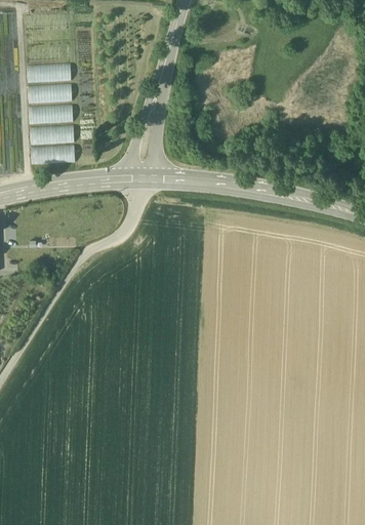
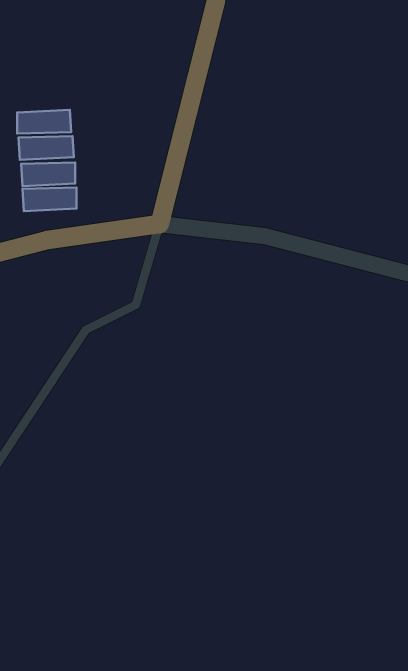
building: [28,65,71,84] -> none

